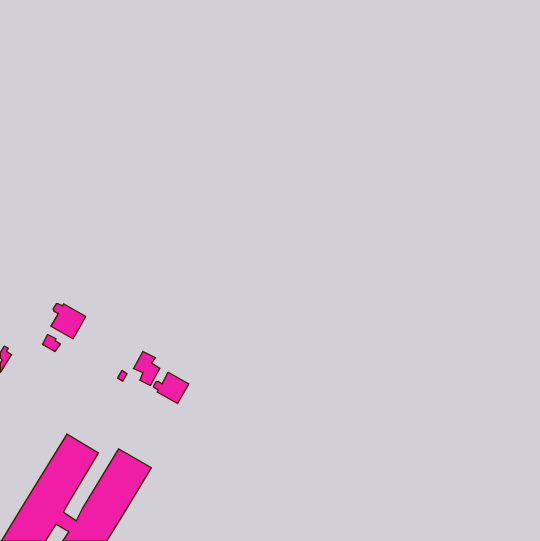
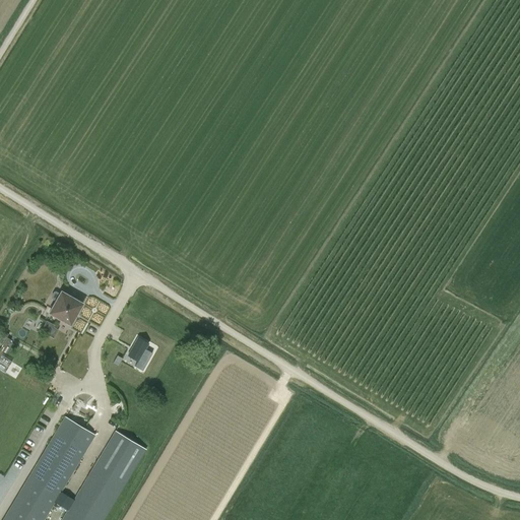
building: [154,372,189,404] -> none

